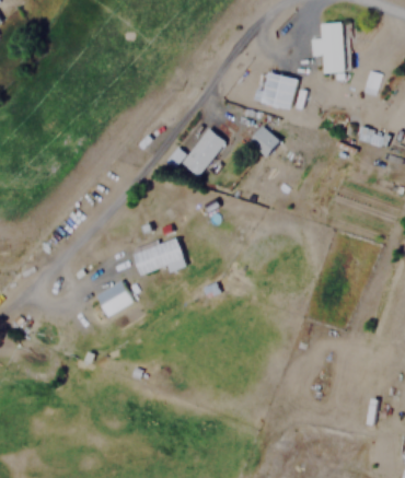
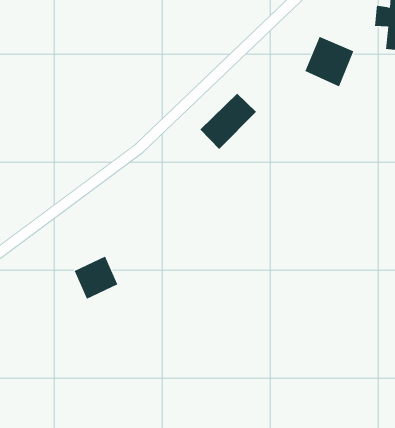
building: [248,126,281,158] -> none
building: [130,235,185,273] -> none

